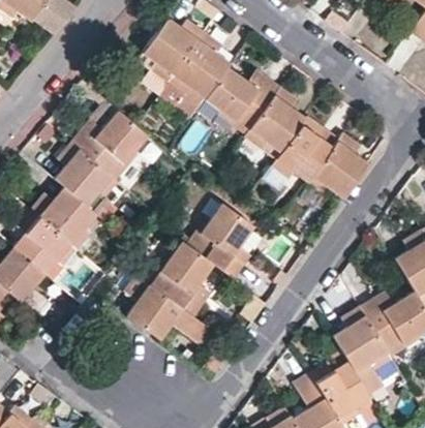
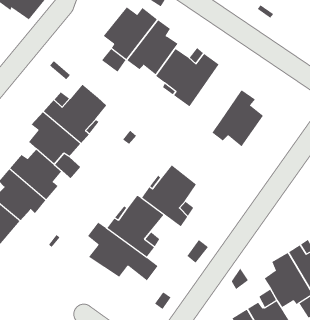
building: [160,81,206,118] -> none
building: [246,86,306,153] -> none
building: [308,134,367,198] -> none

